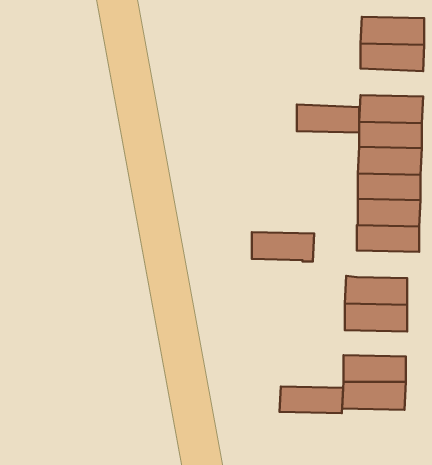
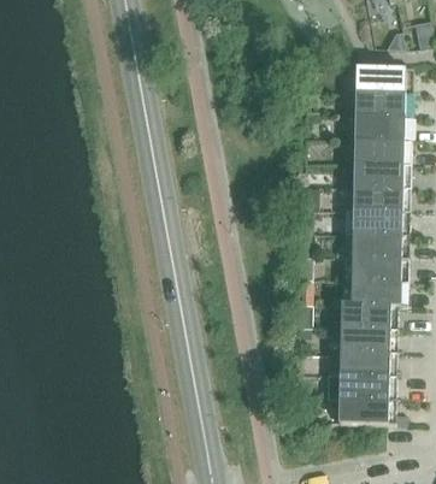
building: [297,105,359,132] -> [353,113,410,138]
building: [252,232,314,261] -> [349,278,406,305]
building: [279,386,343,413] -> [337,350,395,374]

